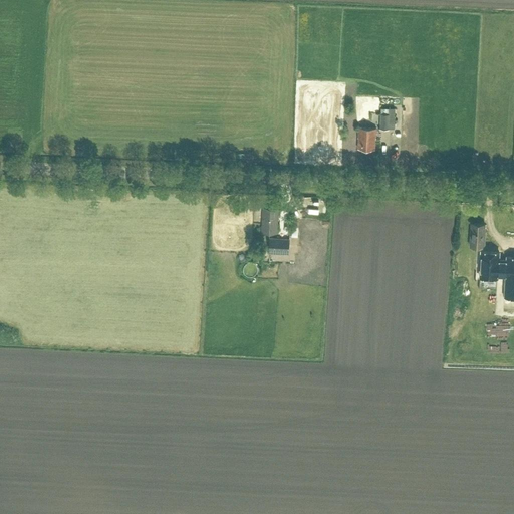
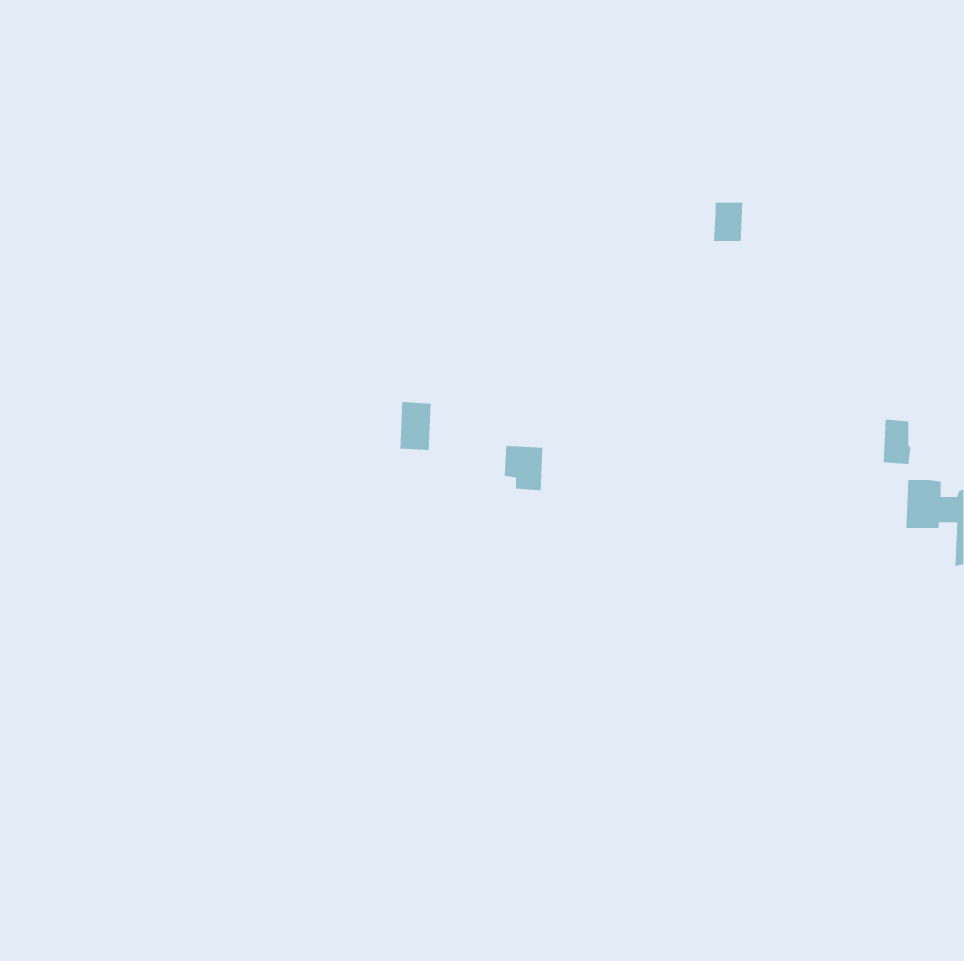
building: [357,128,375,151] -> none
building: [261,209,278,235] -> [399,401,432,451]

